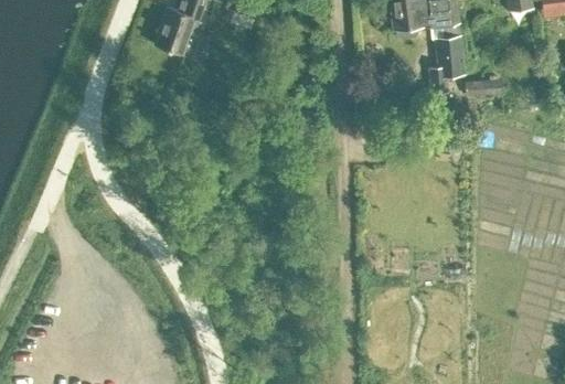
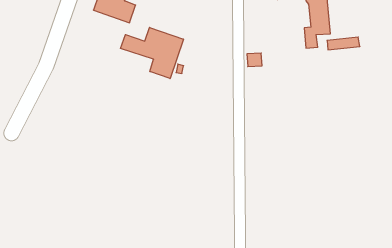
building: none -> [121,27,183,79]

